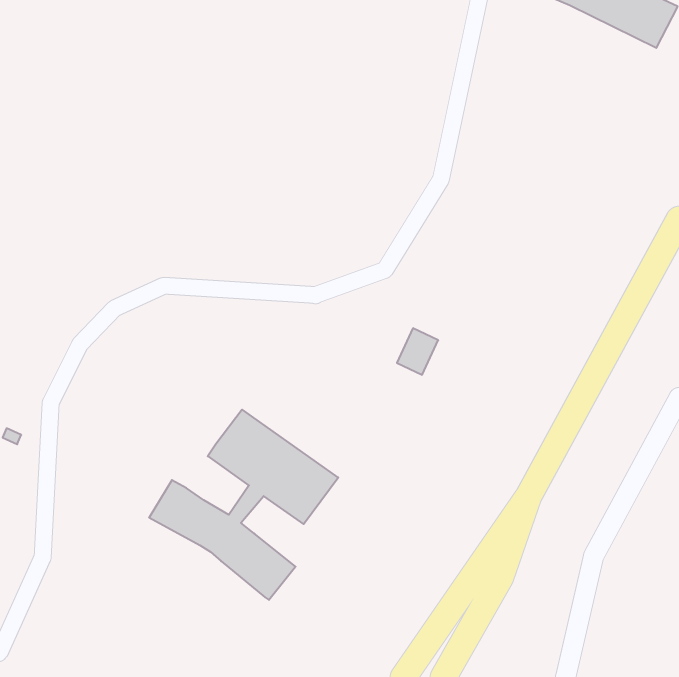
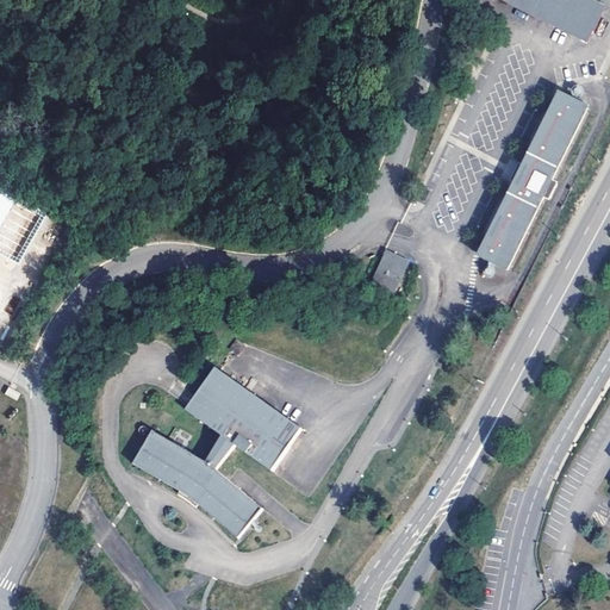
building: none -> [473,88,587,269]
building: [397,328,438,375] -> [372,250,409,292]

